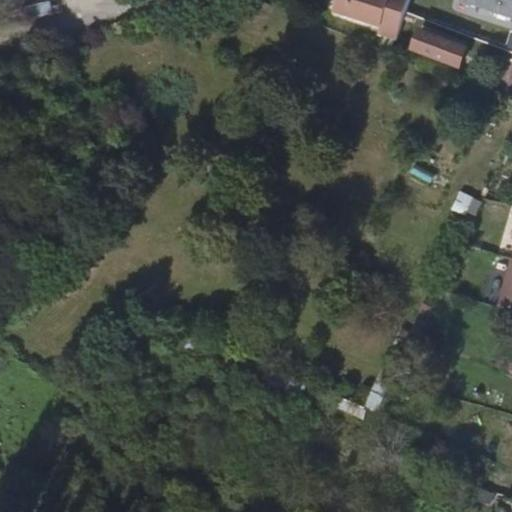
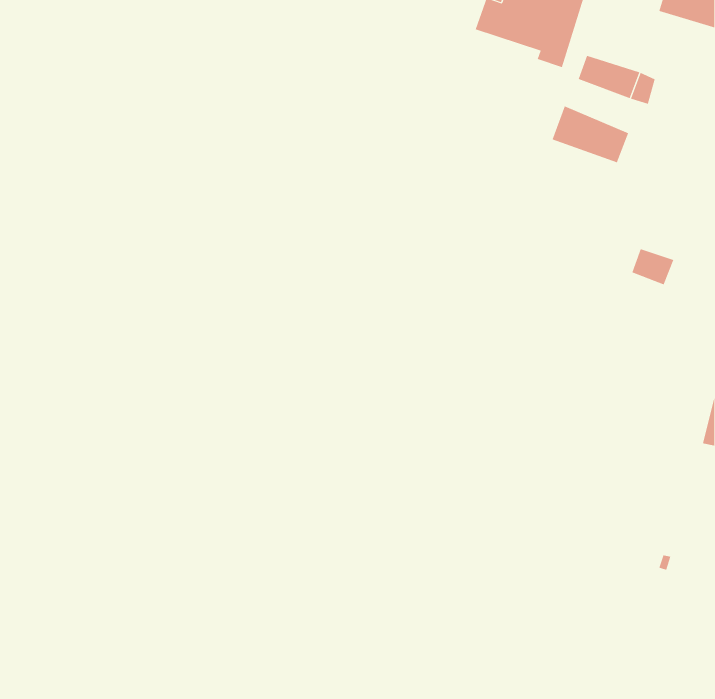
building: none -> [552,105,629,163]

